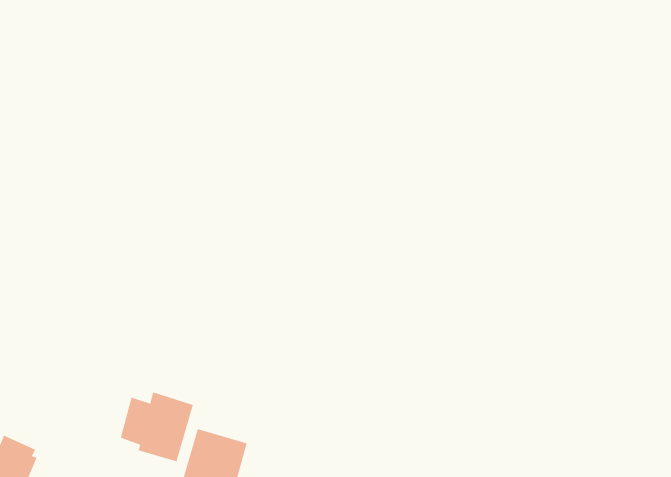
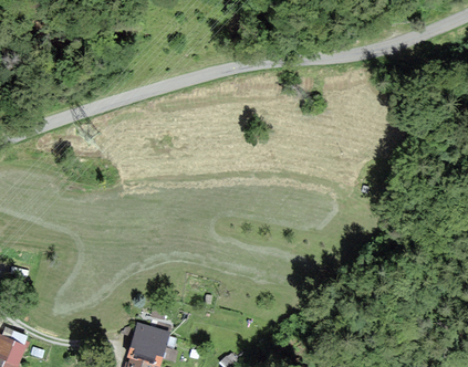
building: [120,392,193,462] -> none

